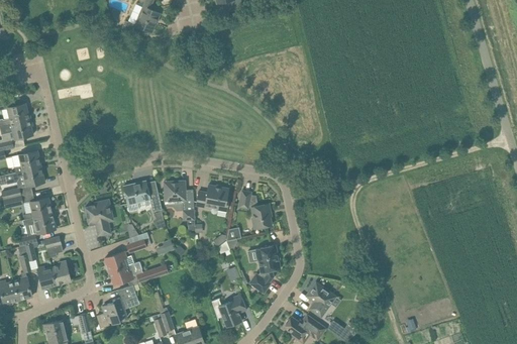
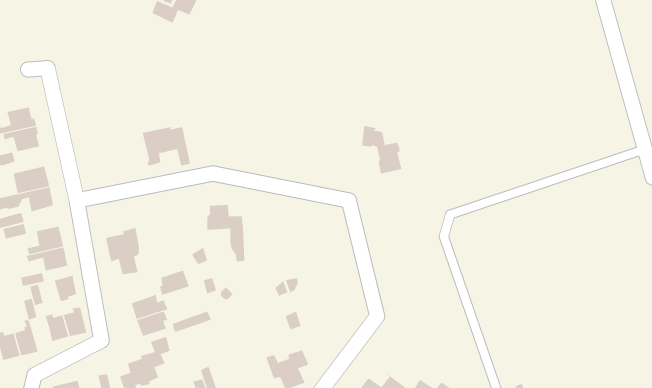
building: [123,181,162,212] -> [142,127,191,166]
building: [196,185,229,209] -> none
building: [239,191,272,229] -> [361,125,402,174]
building: [247,245,281,294] -> none
building: [306,282,333,317] -> none

